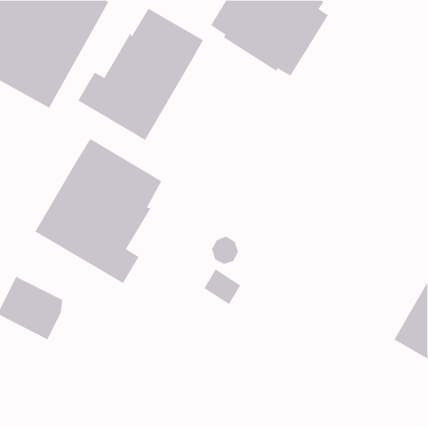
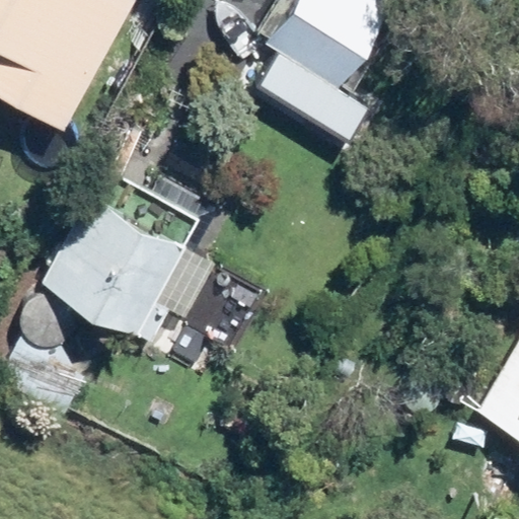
building: [78,8,204,141] -> none

